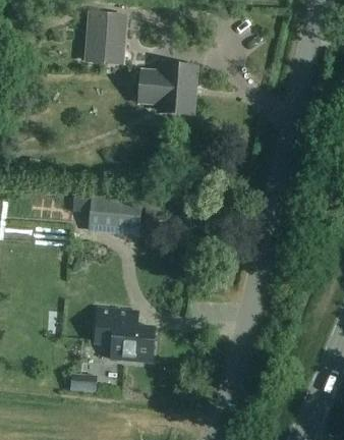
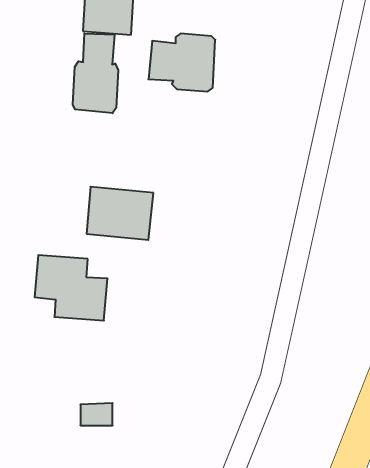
building: none -> [73,33,118,113]
building: [94,309,154,363] -> [35,255,108,321]

